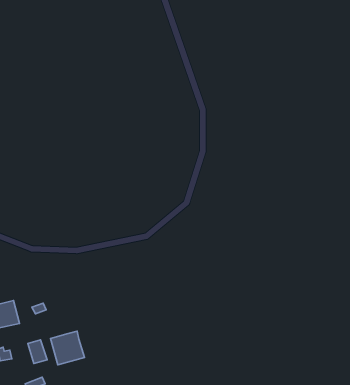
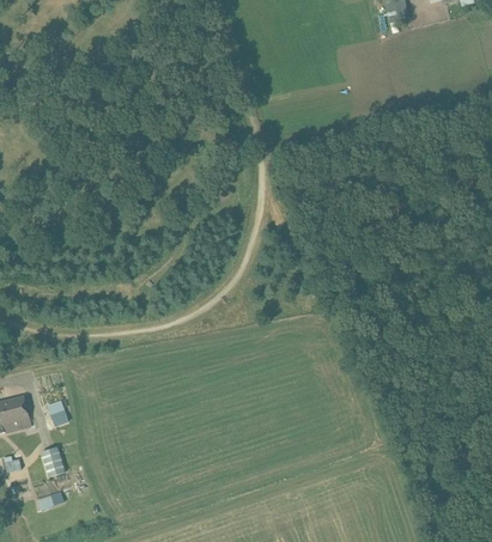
building: [50,331,85,365] -> none

